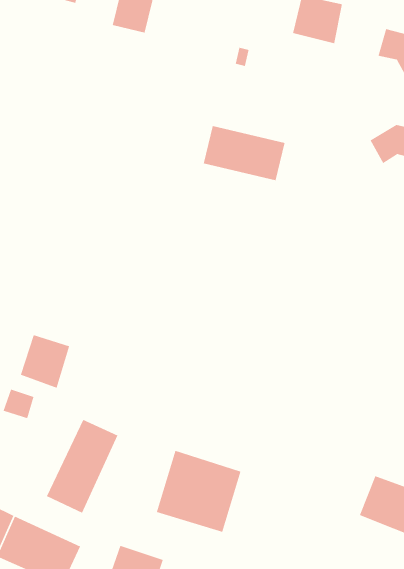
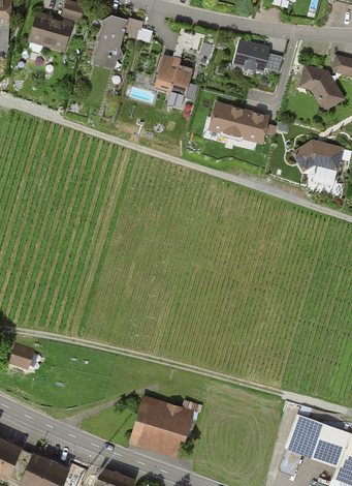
building: none -> [155,59,193,98]
building: [203,125,286,181] -> [207,105,271,149]
building: [20,334,70,389] -> none
building: [46,419,119,514] -> none

